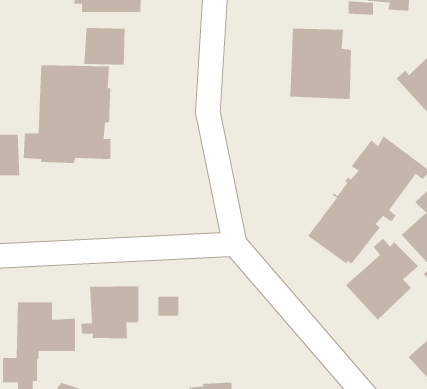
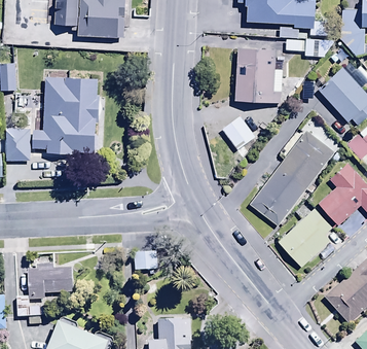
building: [83,27,125,66] -> none
building: none -> [222,115,256,158]
building: [80,285,139,339] -> none

